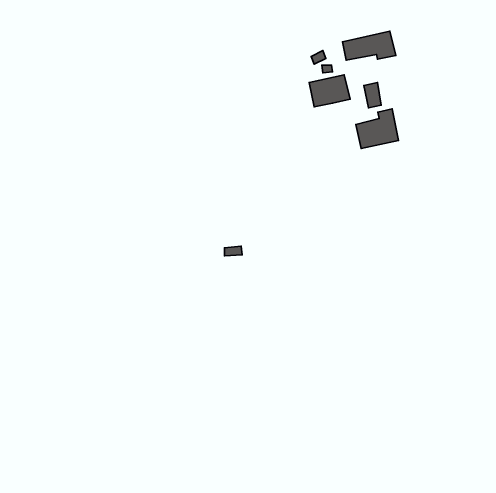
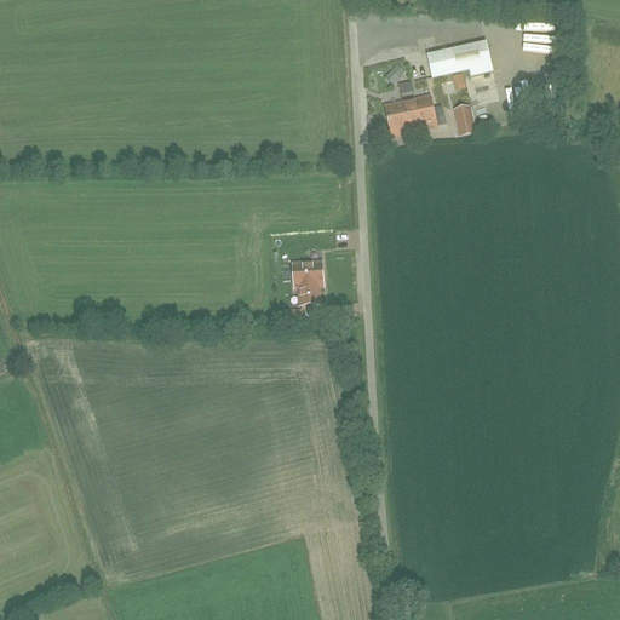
building: [356,109,399,149] -> none
building: none -> [292,260,322,304]

